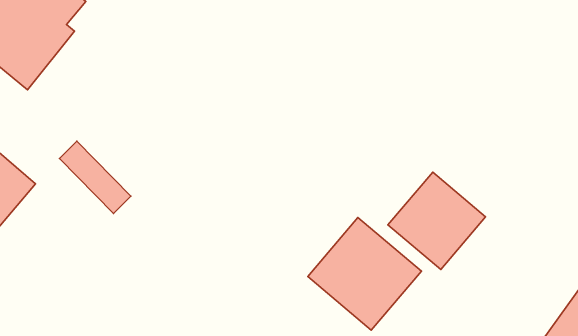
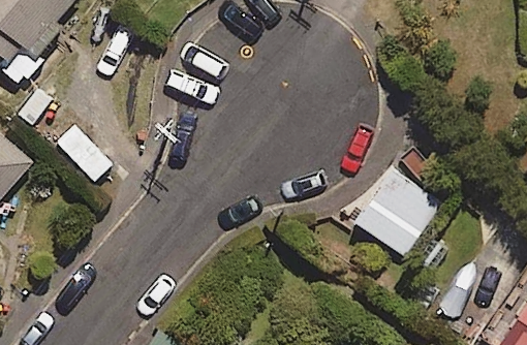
building: [308,217,421,330] -> none

